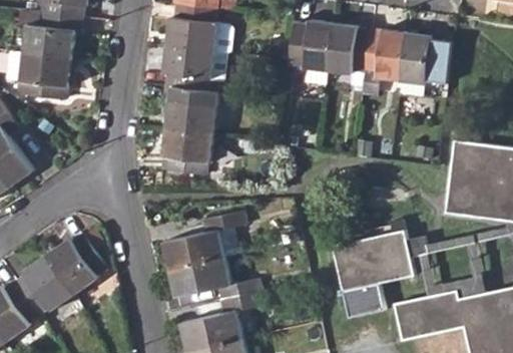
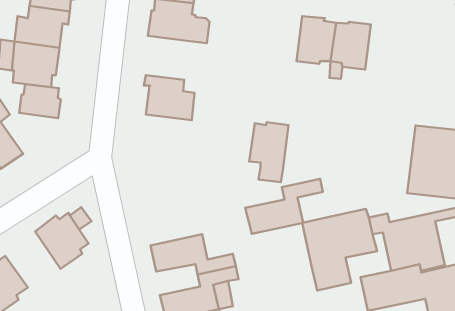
building: [291,20,333,84] -> [249,122,288,182]
building: [398,32,442,97] -> none
building: [163,44,215,91] -> none
building: none -> [19,84,61,118]
building: [162,128,214,173] -> none
building: [163,210,246,269] -> [245,179,323,234]
building: [15,254,74,314] -> none

